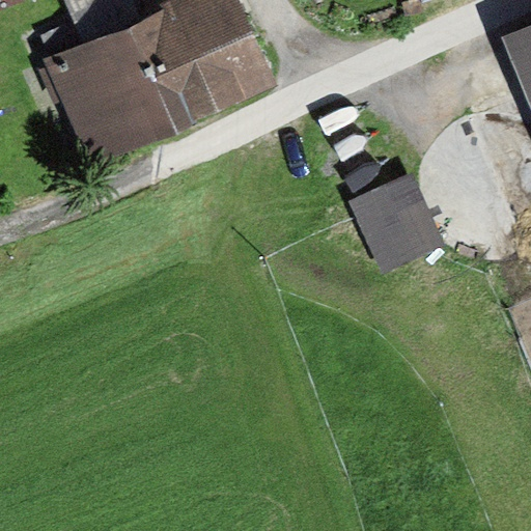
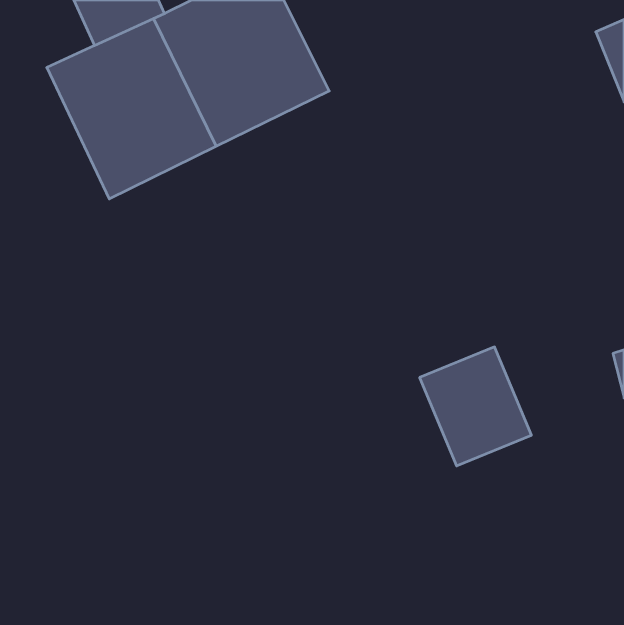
building: [351,172,445,273] -> [420,347,531,466]

